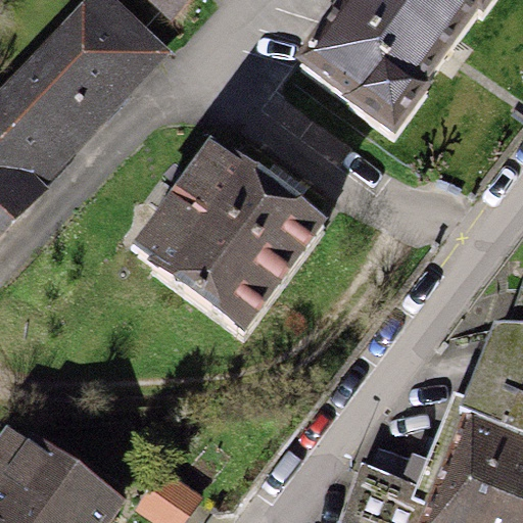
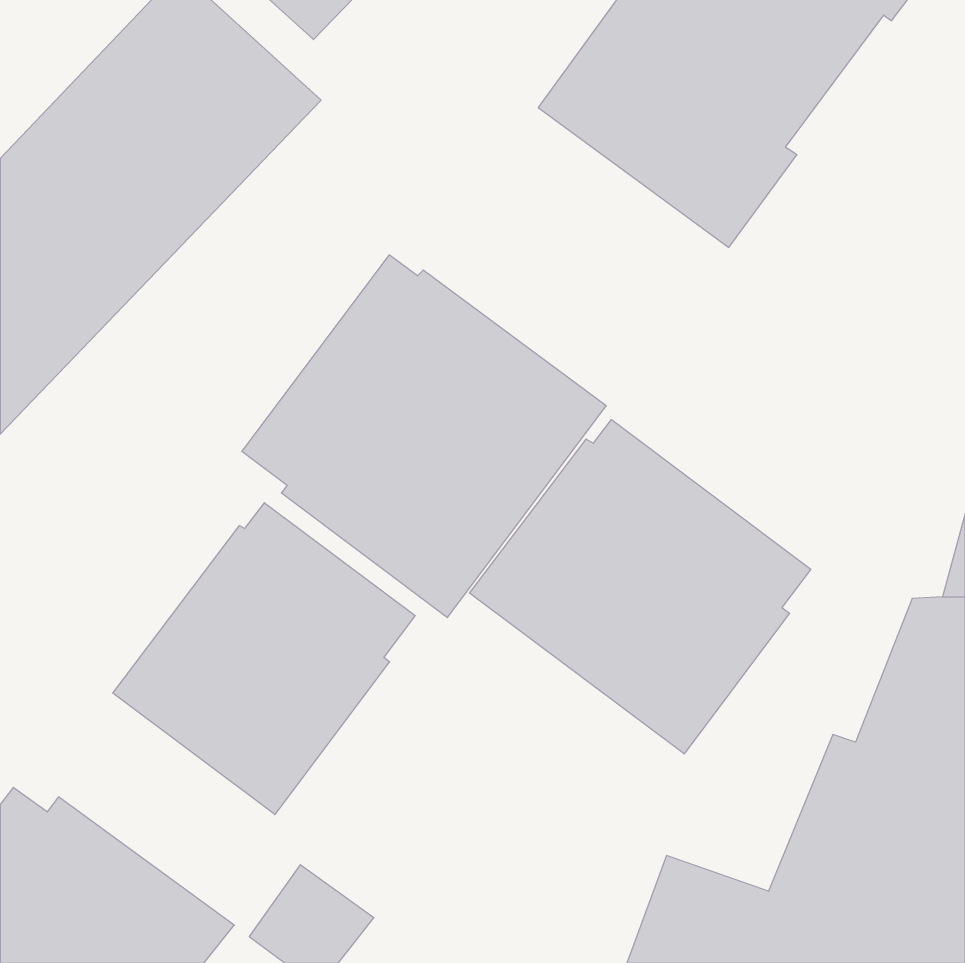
building: none -> [469,420,811,754]
building: none -> [113,503,415,815]

